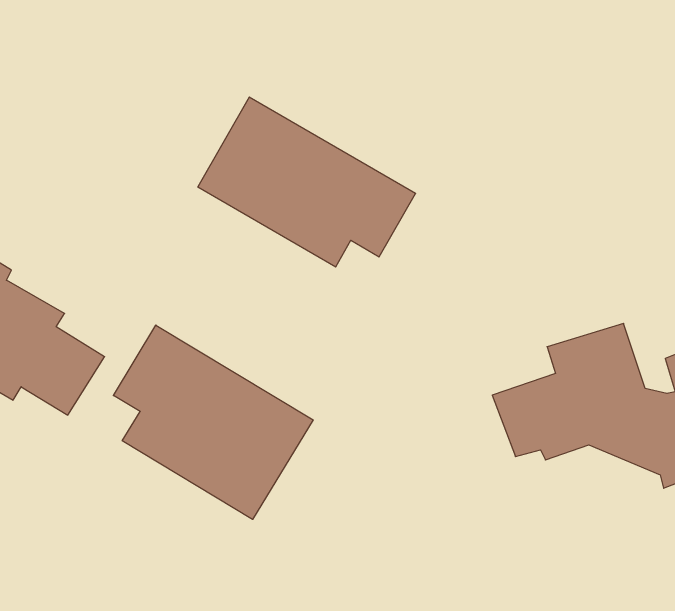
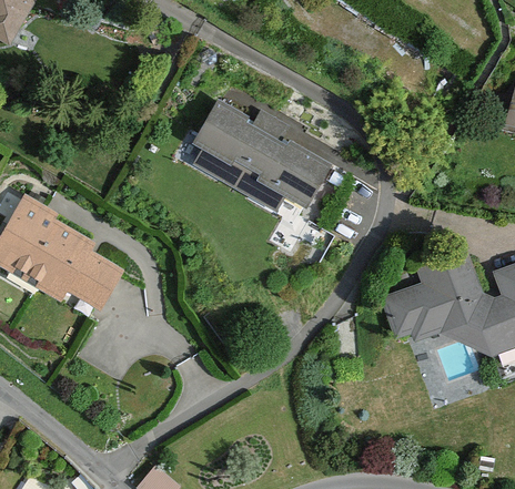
building: [113,325,313,519] -> none

